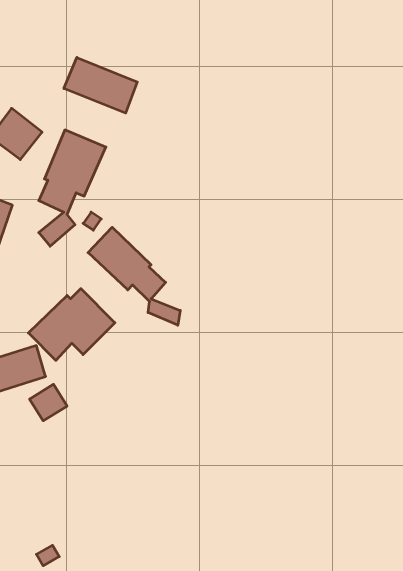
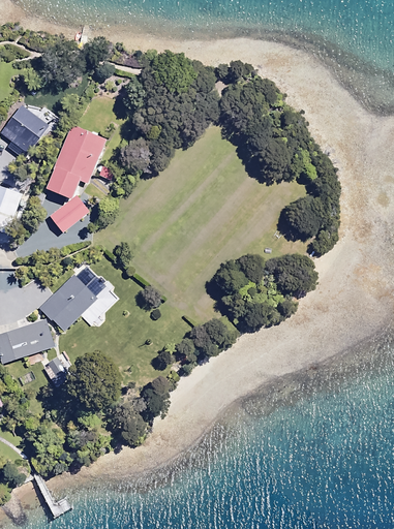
building: [64,57,137,113] -> none
building: [88,227,180,325] -> none

